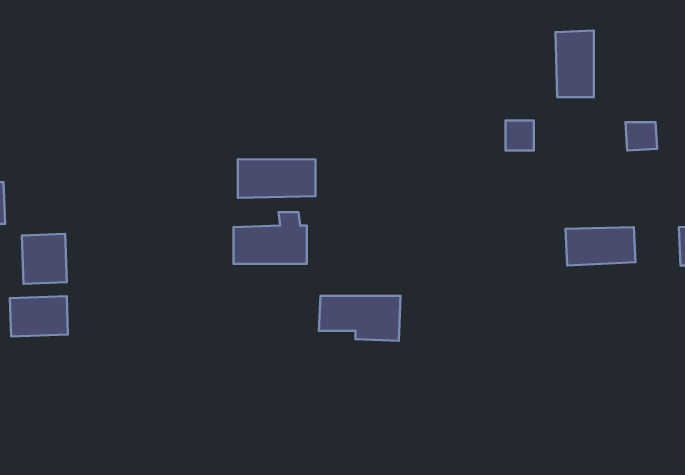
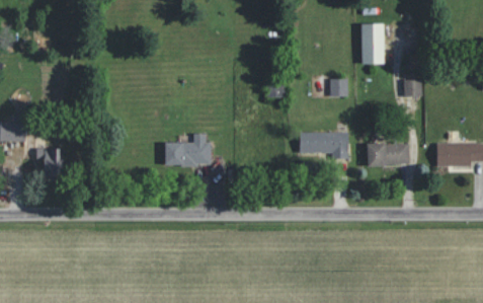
building: [238,159,316,198] -> none
building: [319,296,401,341] -> [300,132,349,159]
building: [10,296,68,336] -> none

